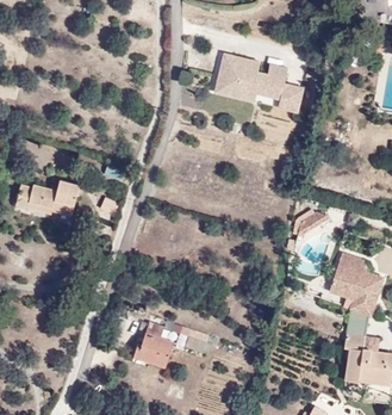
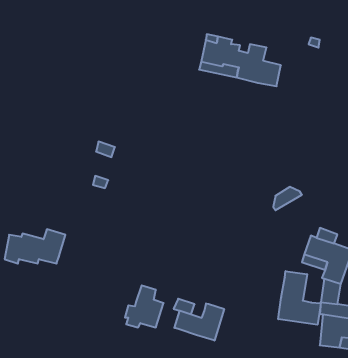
building: [17,174,82,211] -> [5,229,65,264]
building: none -> [278,271,320,325]
building: none -> [174,303,224,341]

